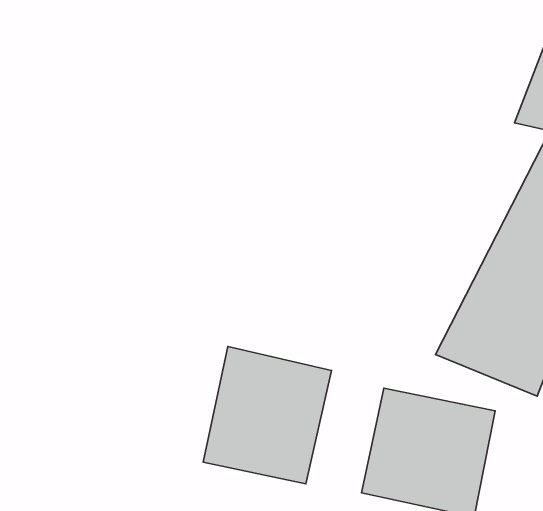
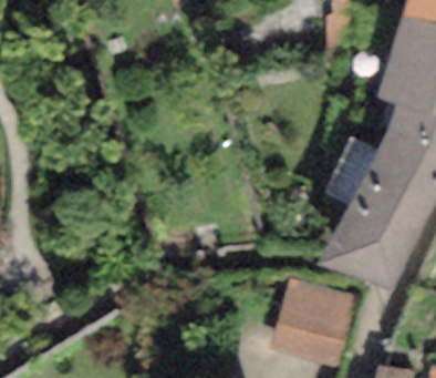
building: [203,346,331,484] -> none

